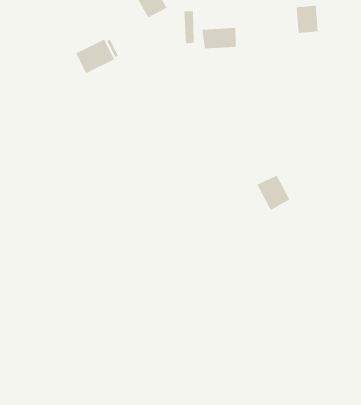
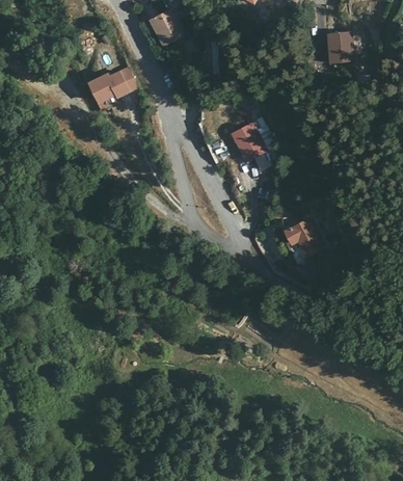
building: [202,27,236,49] -> none
building: none -> [233,123,267,160]

